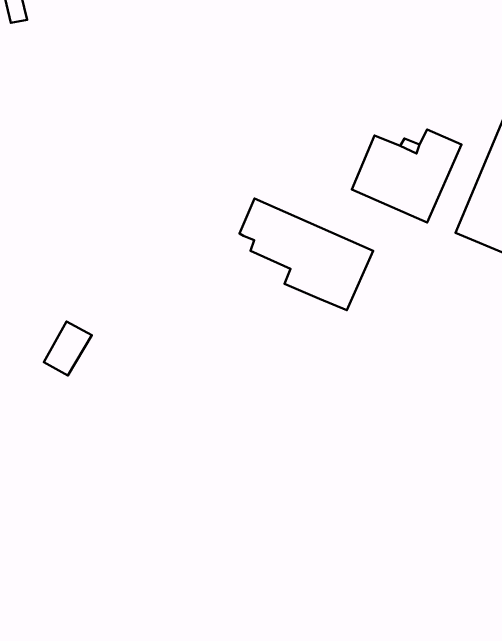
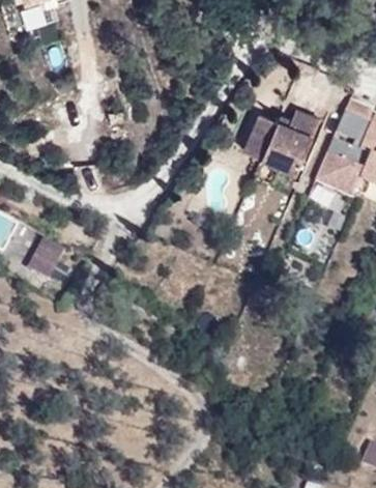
building: [239,199,373,310] -> none

